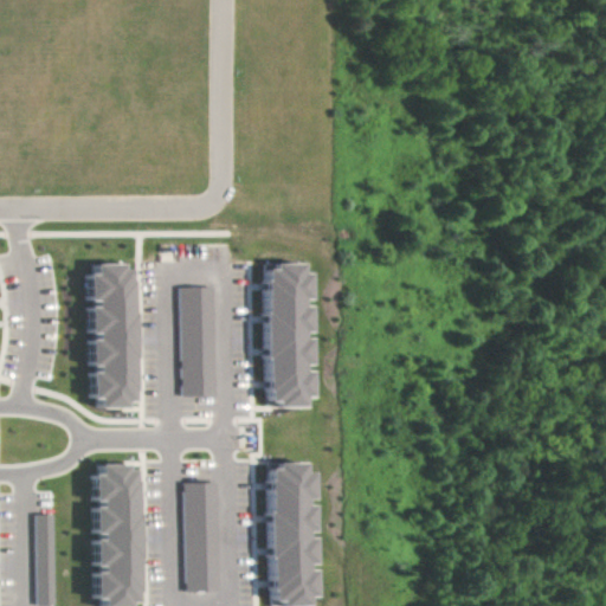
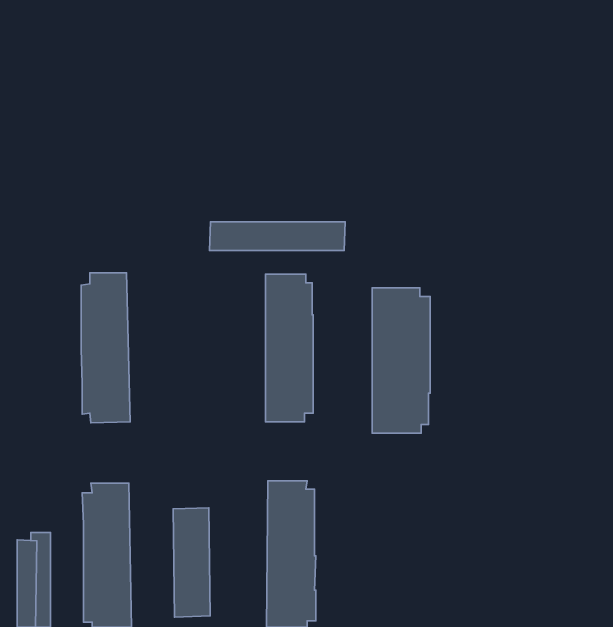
building: none -> [210,222,345,250]
building: none -> [372,288,430,433]
building: [178,291,215,397] -> none

